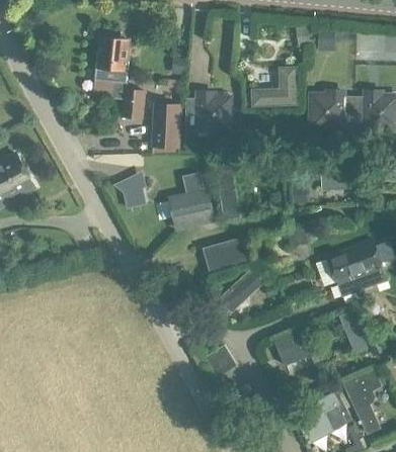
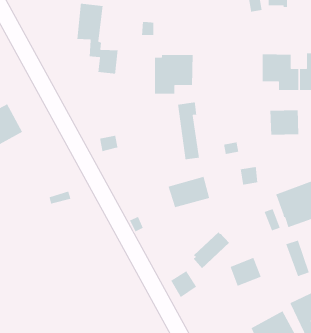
building: [251,66,298,106] -> none
building: [152,102,181,153] -> none
building: [169,173,214,228] -> none
building: [220,269,263,312] -> [192,232,230,269]

